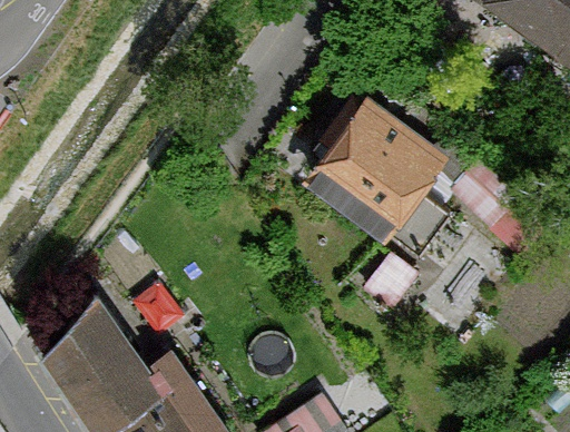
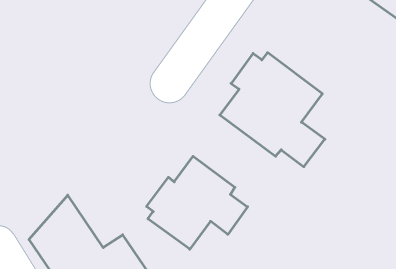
building: none -> [147,156,248,249]

